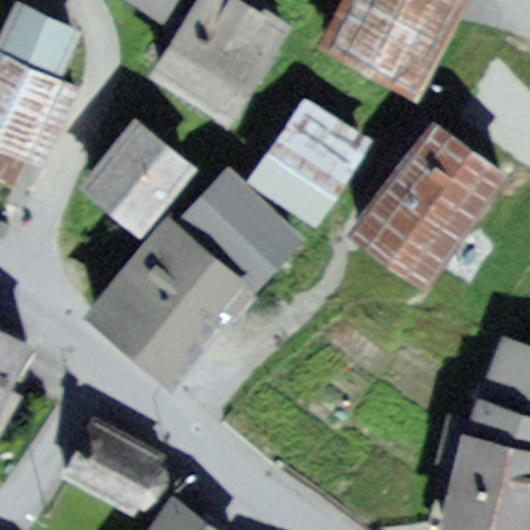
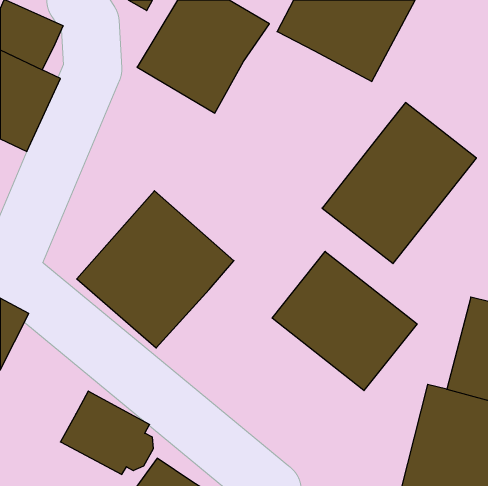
building: [251,91,373,218] -> none
building: [79,123,187,234] -> none
building: [179,159,303,283] -> none
building: none -> [272,251,417,391]

